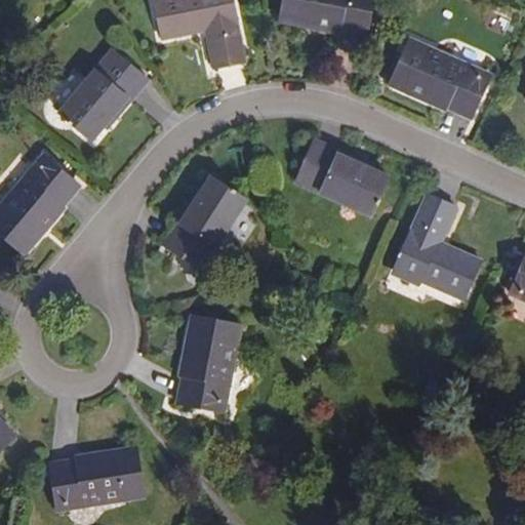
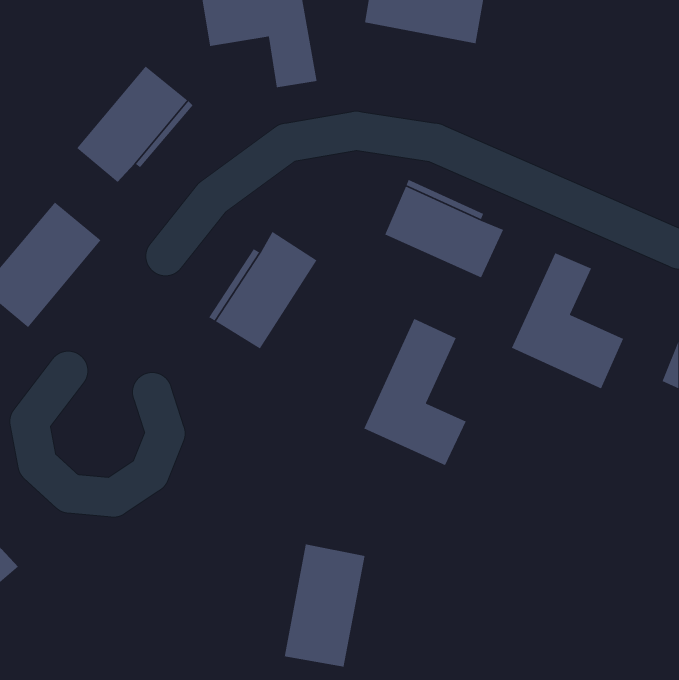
building: [391,39,491,118] -> none
building: none -> [363,318,467,466]
building: [177,316,240,411] -> [284,543,365,667]
building: [48,450,144,511] -> none

